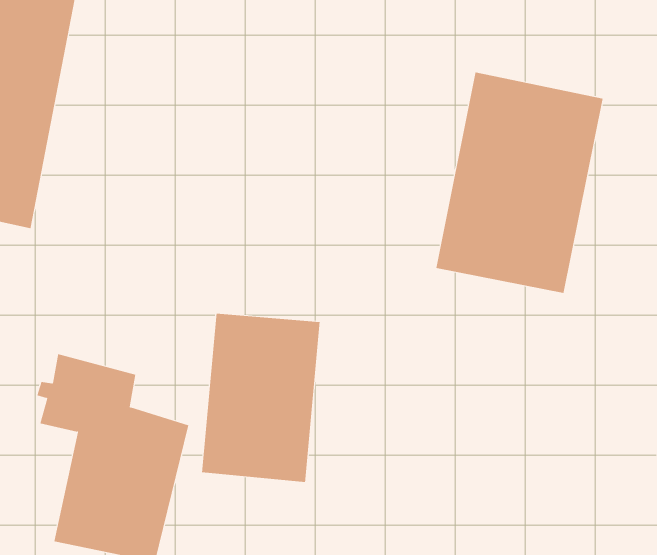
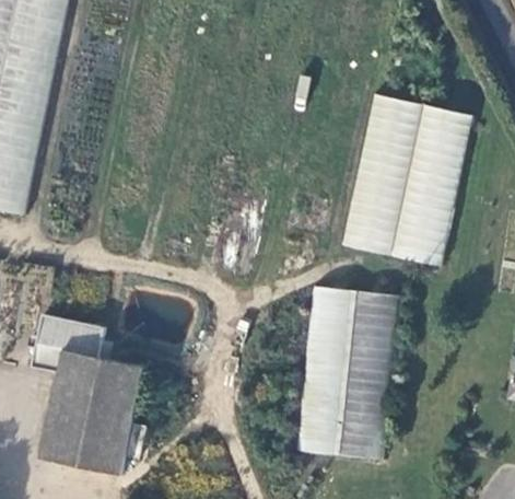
building: [202,313,320,483] -> none
building: none -> [297,286,396,460]

